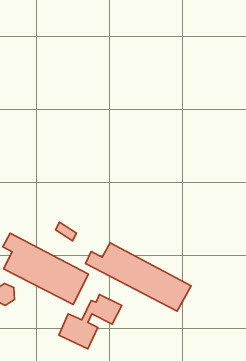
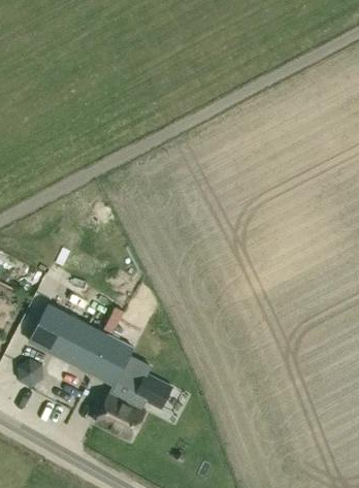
building: [86,243,191,311] -> none

